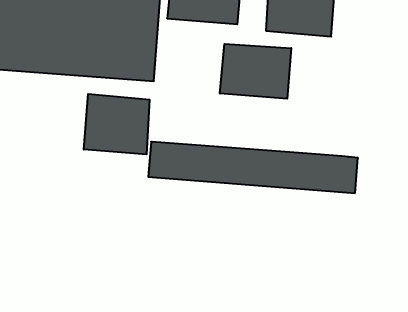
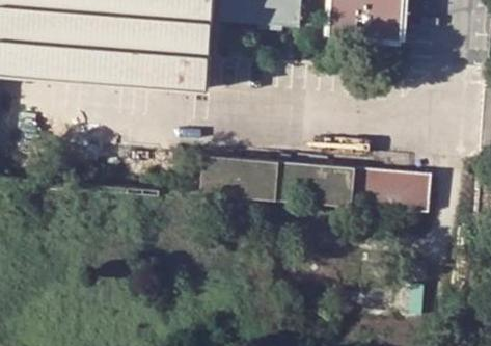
building: [220,44,291,99] -> none
building: [84,94,150,154] -> none

